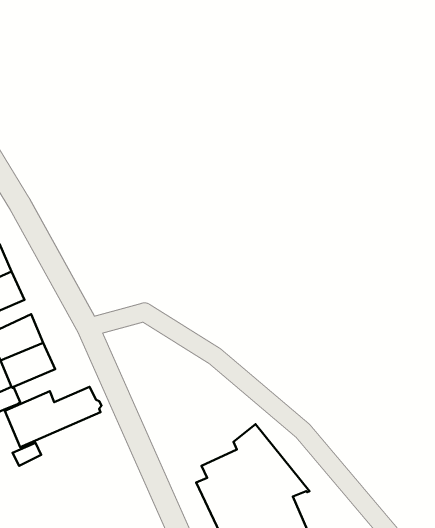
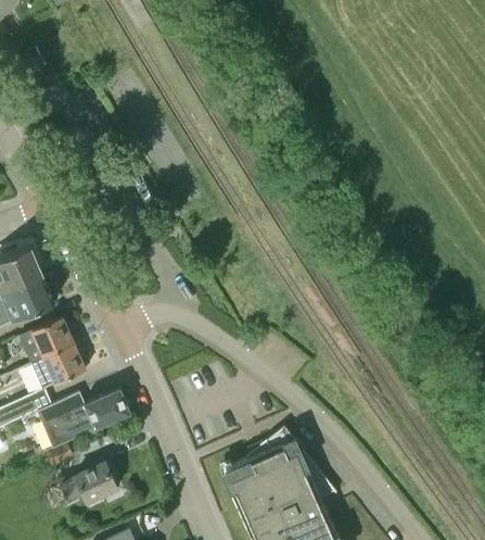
building: none -> [60,457,117,506]

